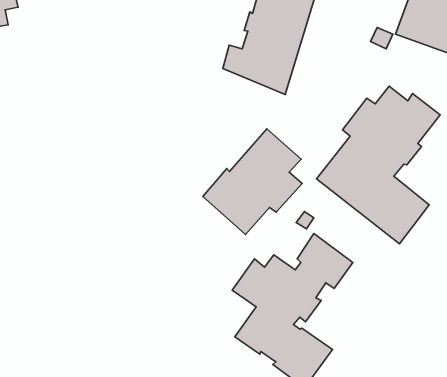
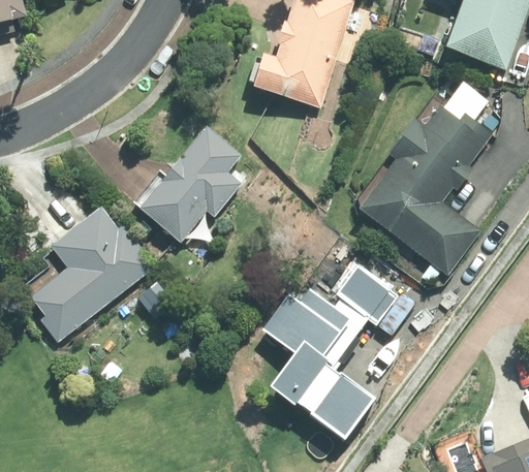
building: [203,129,302,235] -> [132,124,243,242]
building: none -> [29,206,156,344]

